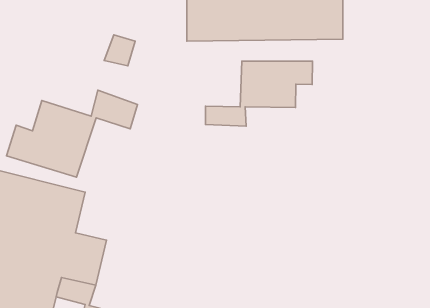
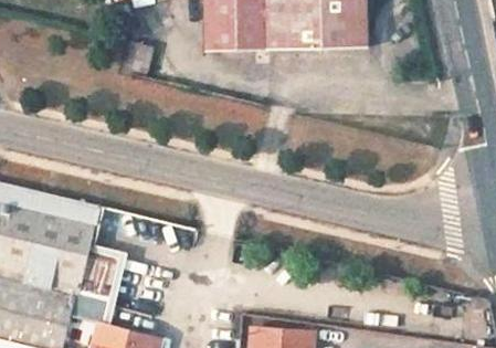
building: [205,61,313,126] -> none
building: [7,90,137,177] -> none

